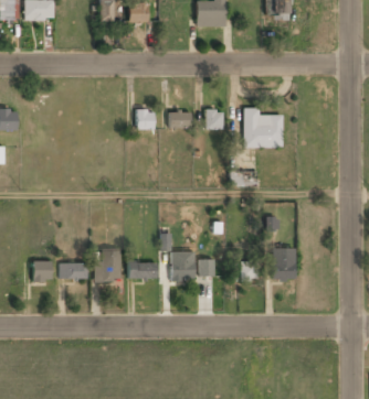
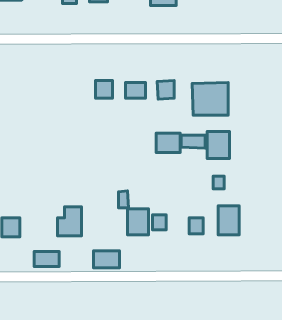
building: none -> [207,131,229,158]
building: none -> [156,133,180,152]
building: [128,260,157,279] -> [93,251,119,268]
building: [60,262,87,279] -> [34,251,59,266]

